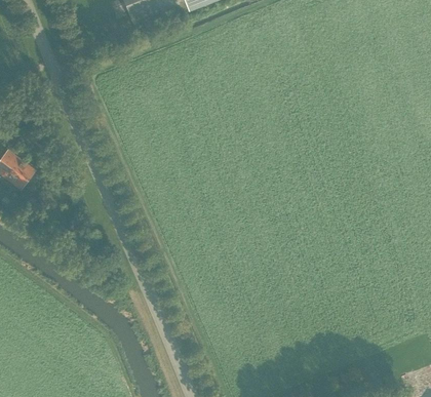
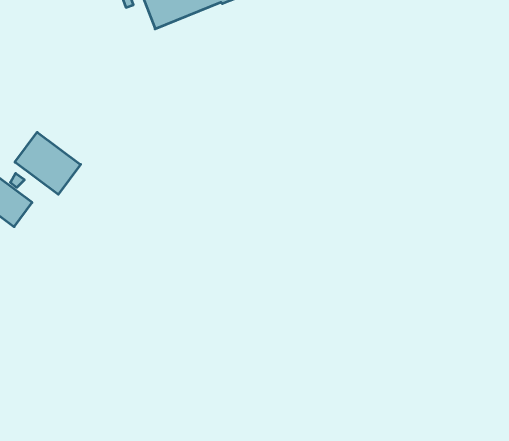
building: none -> [15,132,81,194]

